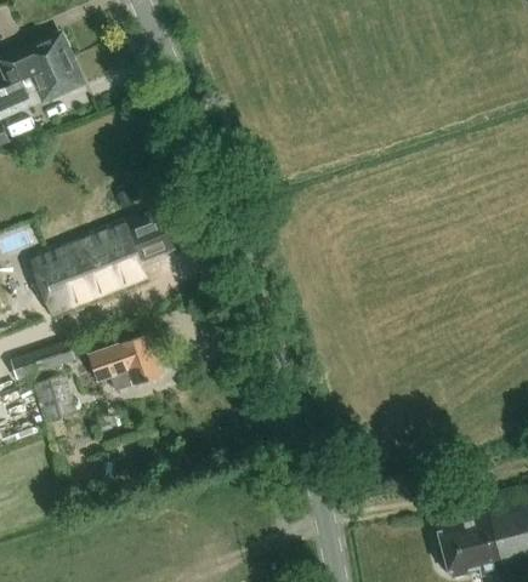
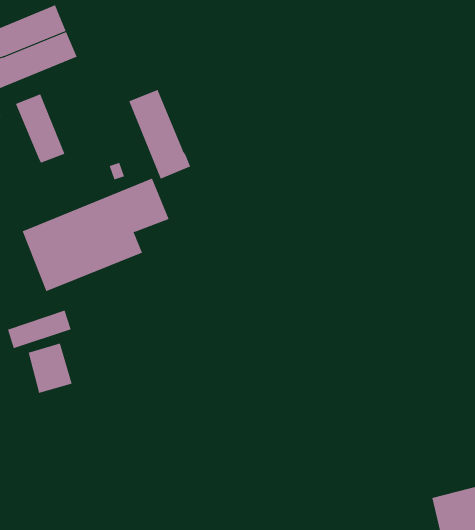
building: none -> [128,89,191,179]
building: none -> [15,93,65,164]
building: [87,335,160,392] -> none

